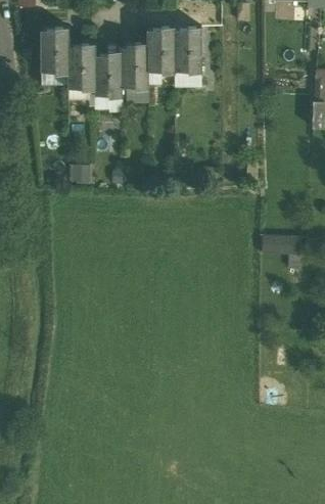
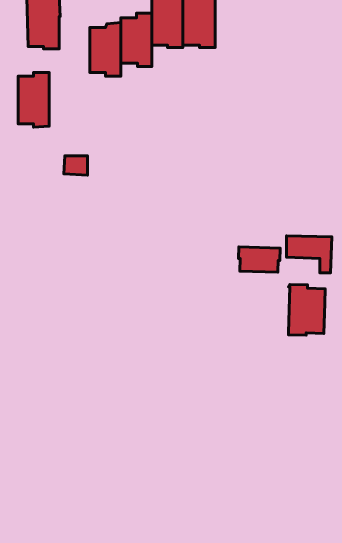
building: [67,44,94,91] -> [18,72,49,127]
building: none -> [238,247,280,272]
building: none -> [288,285,325,335]

